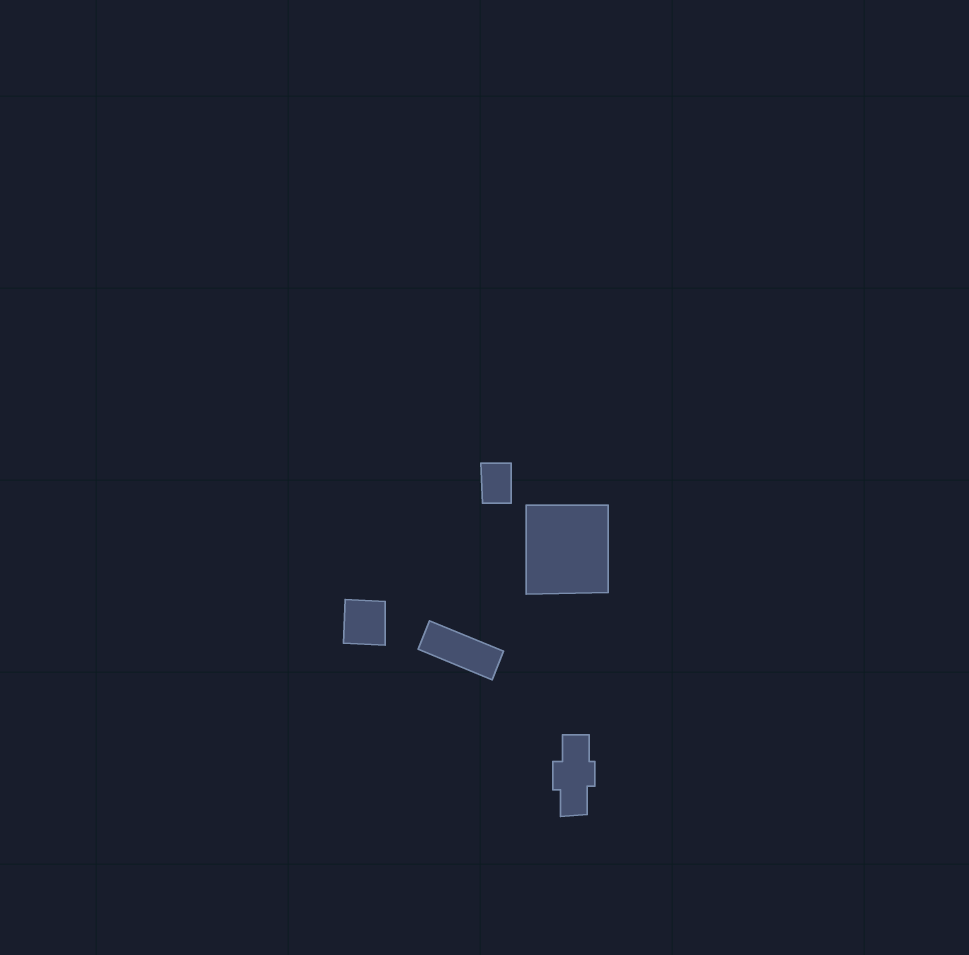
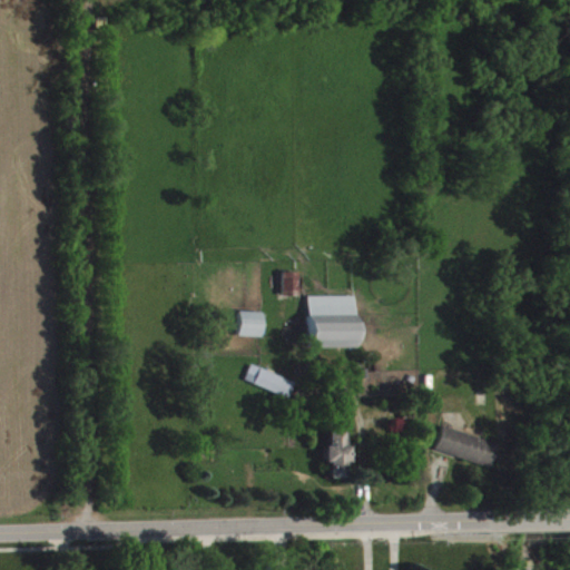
building: [343,600,385,645] -> [239,311,264,337]
building: none -> [436,426,499,468]

